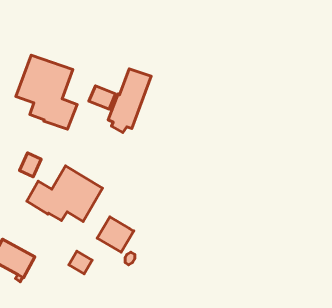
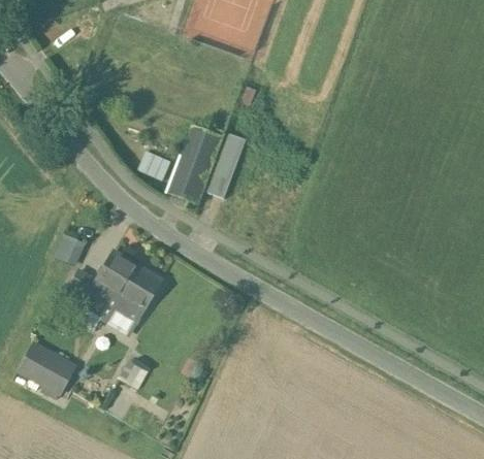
building: [16,55,77,129] -> none
building: none -> [208,133,247,197]
building: [97,217,134,252] -> none

